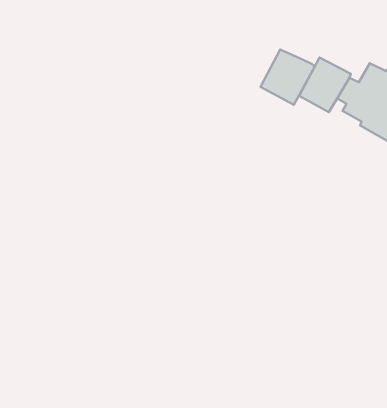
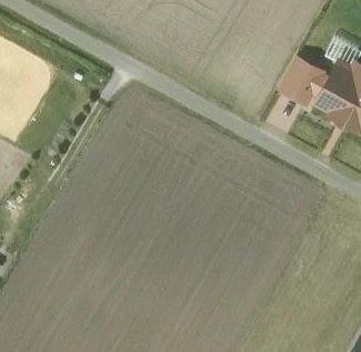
building: [260,50,315,105] -> none

